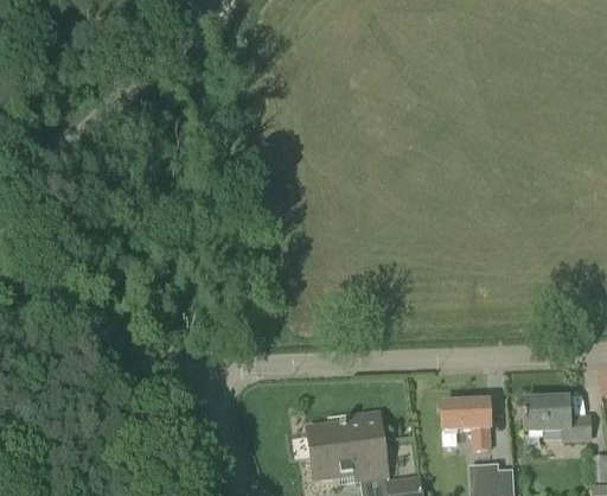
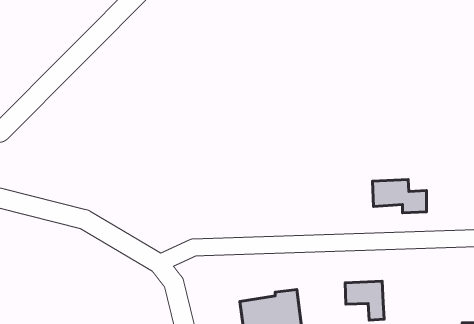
building: [523,398,592,440] -> [373,179,427,213]

